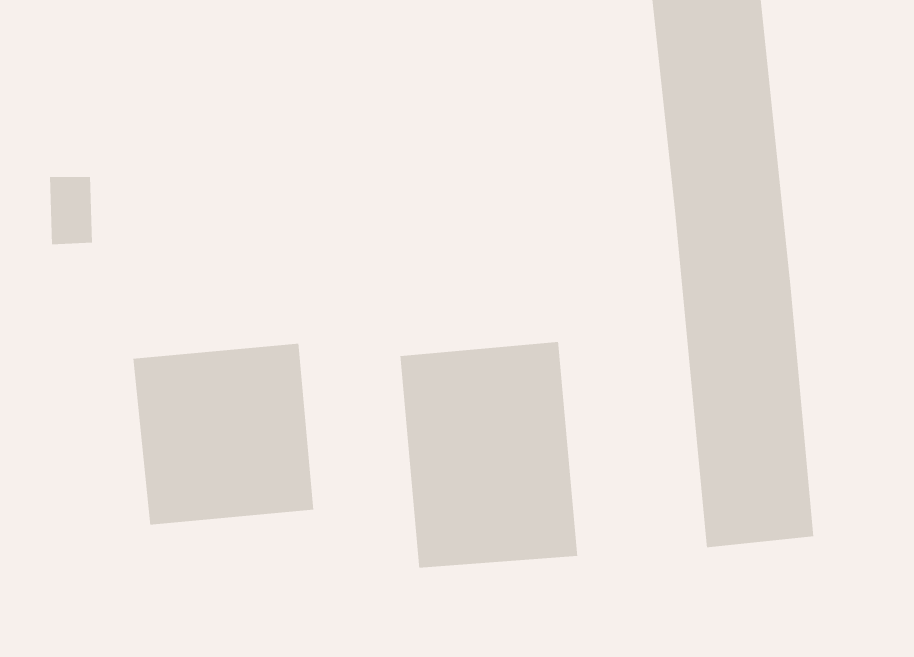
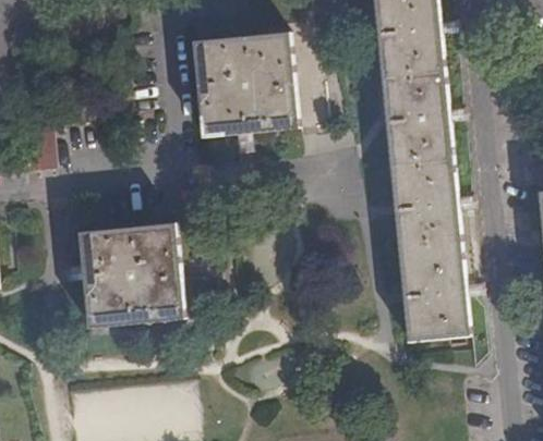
building: none -> [193,33,299,137]
building: [400,341,578,568] -> none

